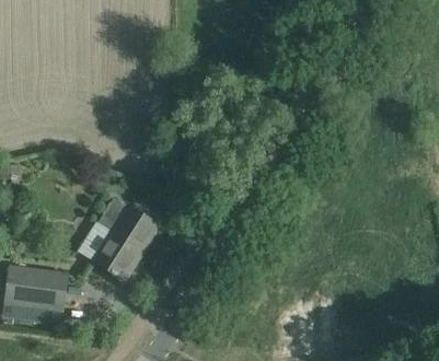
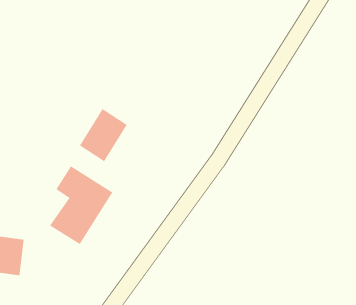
building: none -> [79,108,128,162]

